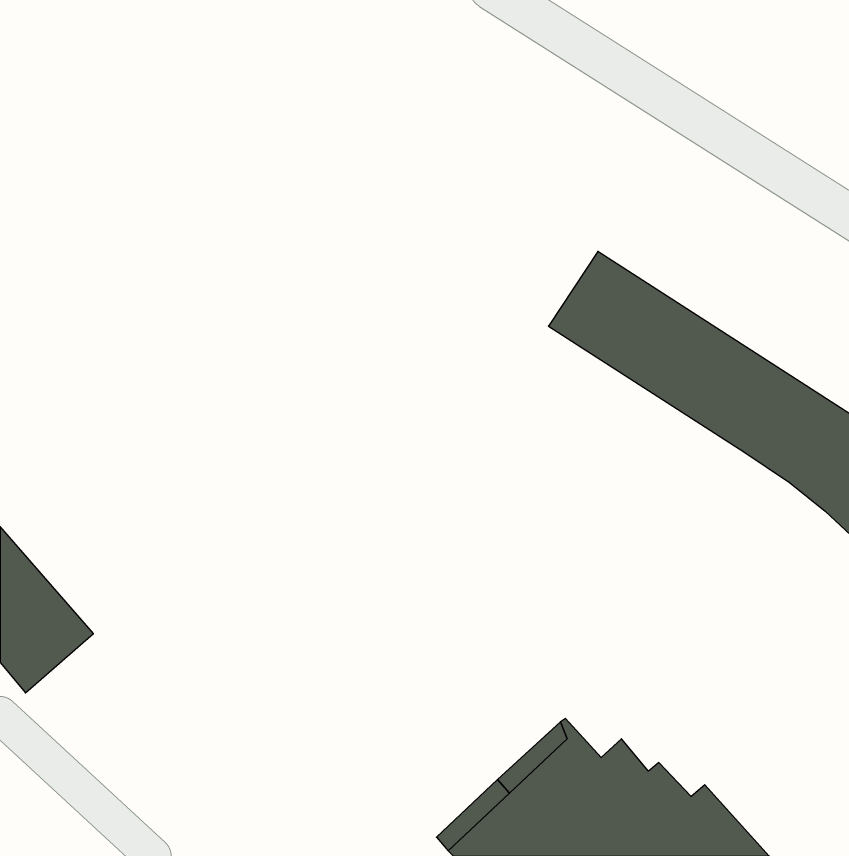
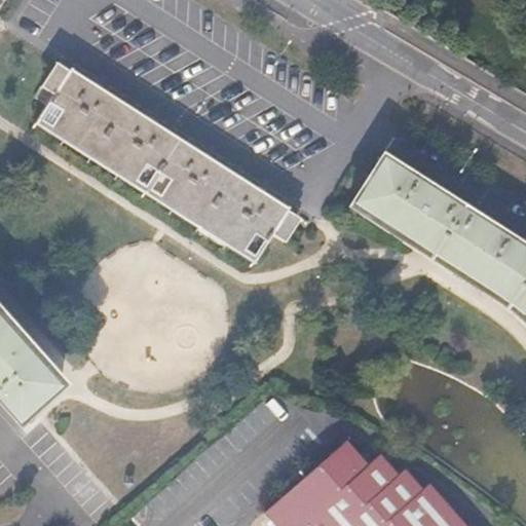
building: none -> [39,73,289,260]

